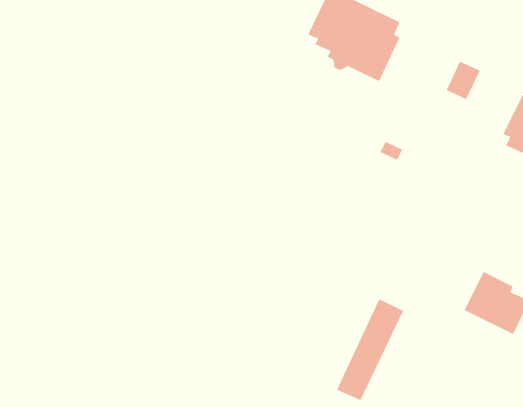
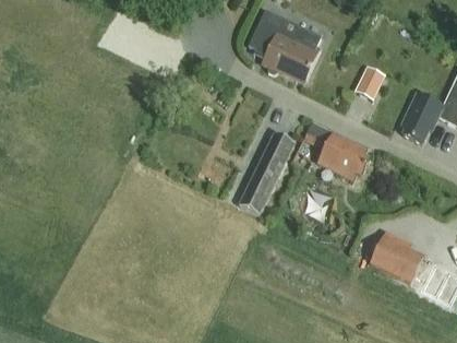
building: none -> [318,131,369,177]
building: [336,298,404,401] -> [239,132,292,213]

